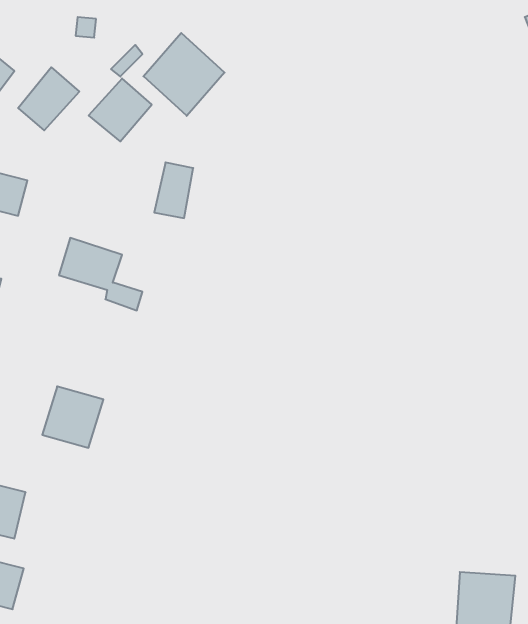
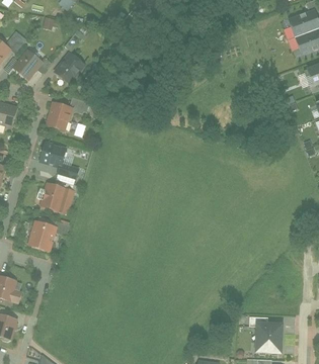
building: [143,33,225,116] -> none
building: [154,162,193,218] -> [48,99,69,129]
building: none -> [39,184,73,214]

